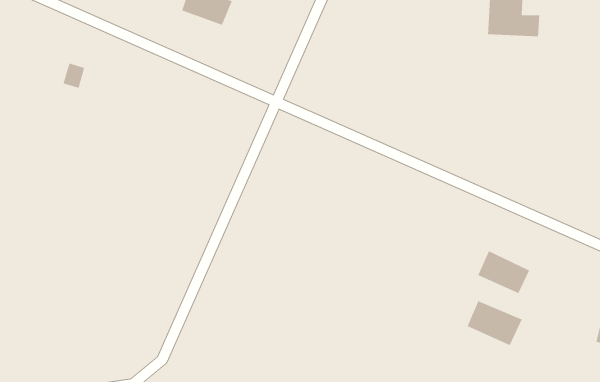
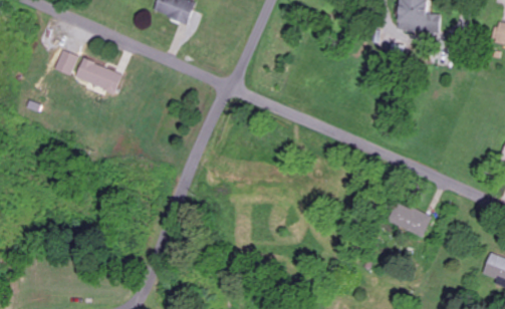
building: none -> [77,59,114,89]
building: [467,300,523,346] -> none

